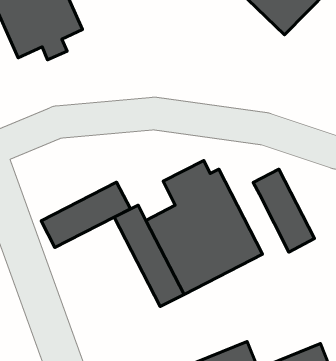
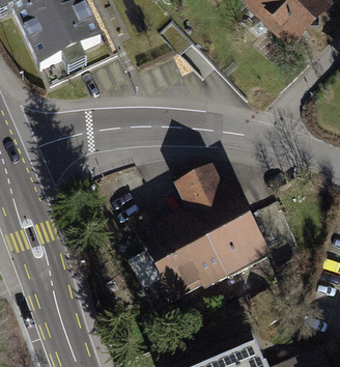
building: [253,169,315,252] -> none
building: [41,182,131,247] -> none

